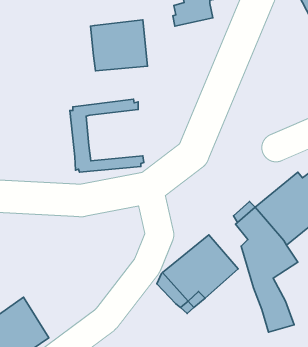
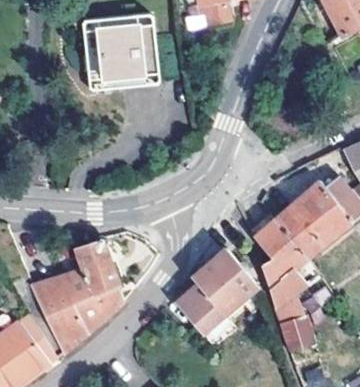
building: [70,99,144,172] -> [85,11,163,88]
building: none -> [30,235,124,354]

